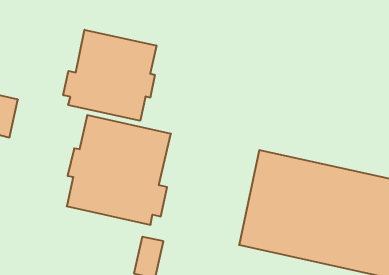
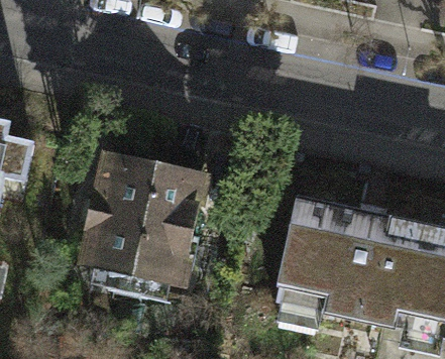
building: [63,30,156,121] -> none

